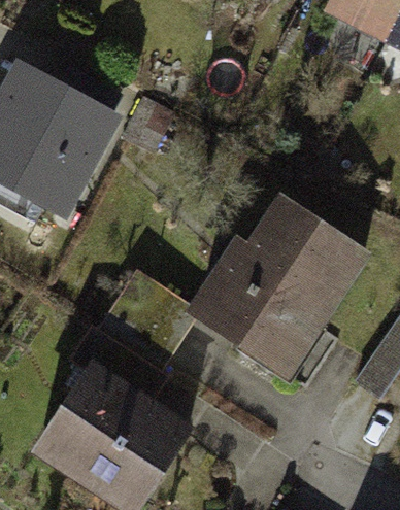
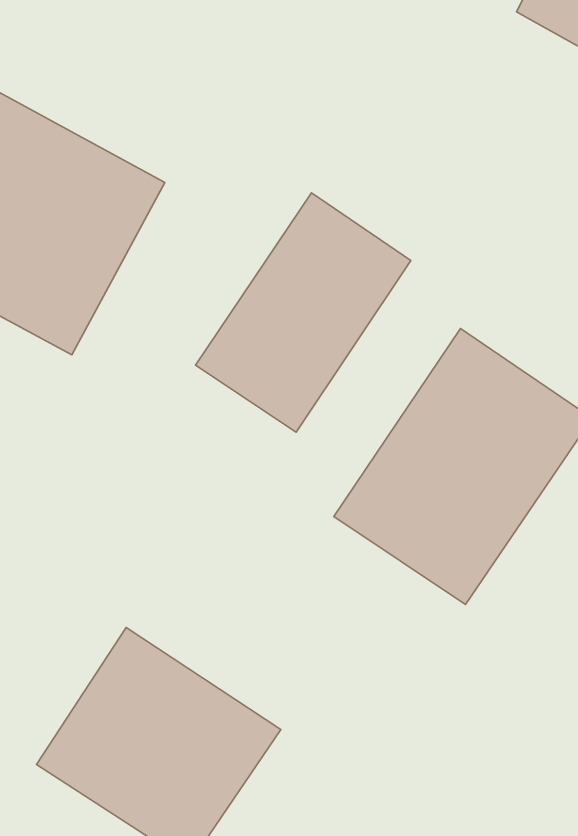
building: none -> [196,193,411,432]

